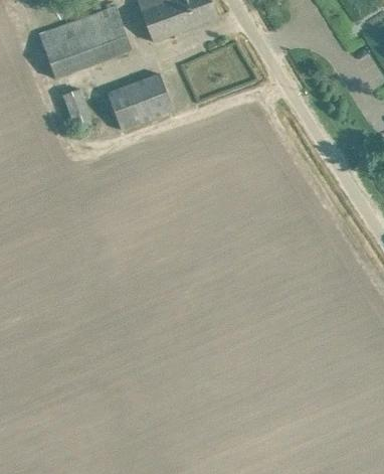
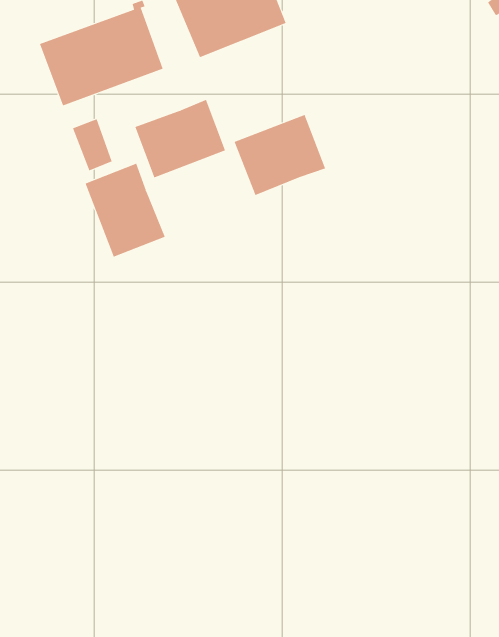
building: none -> [234,114,326,196]
building: none -> [85,163,165,258]

